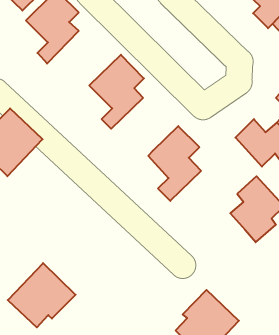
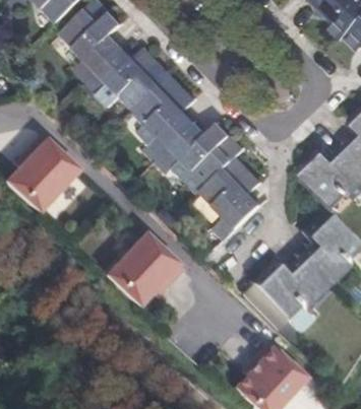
building: none -> [86,46,172,109]
building: none -> [161,122,245,194]
building: none -> [253,256,327,317]
building: [8,263,76,327] -> [106,234,184,309]

